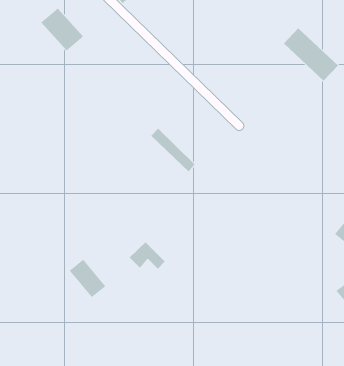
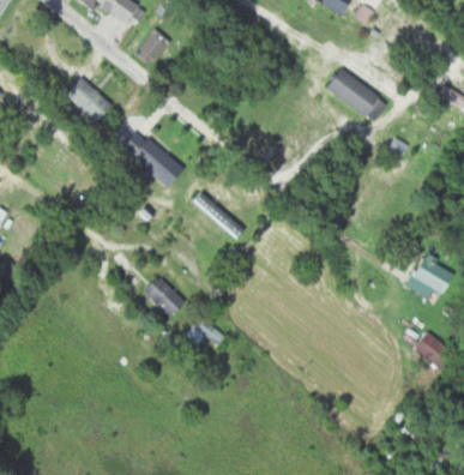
building: none -> [113,124,181,188]
building: [69,259,106,298] -> [143,277,185,318]

